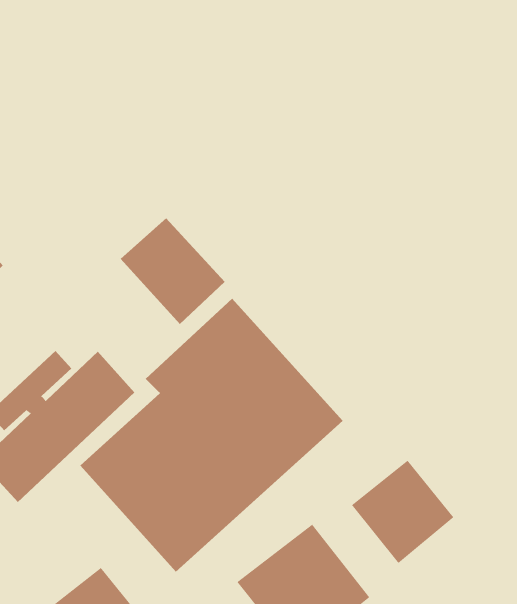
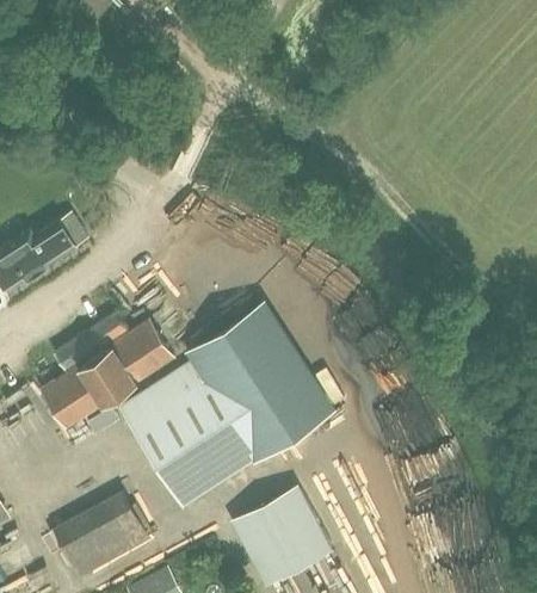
building: [120,217,225,325] -> none
building: [351,460,454,564] -> none

